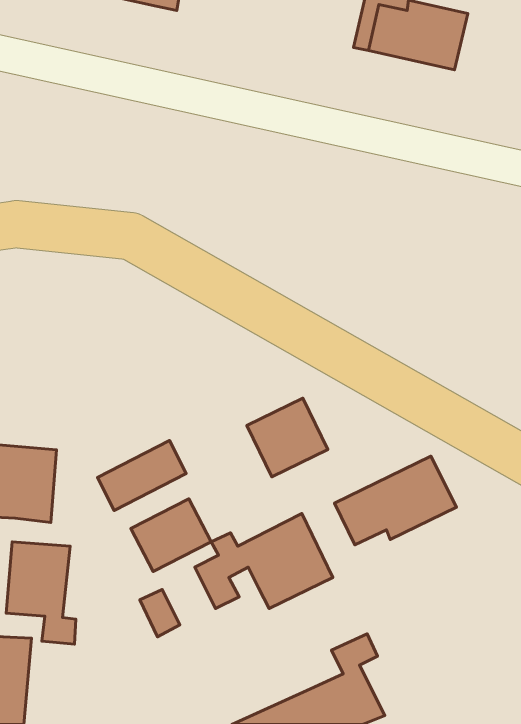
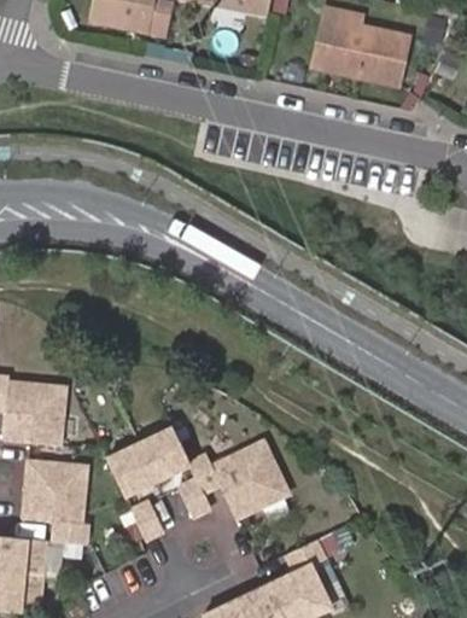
building: [247,398,328,477] -> none
building: [97,440,186,511] -> none
building: [334,456,456,545] -> none

